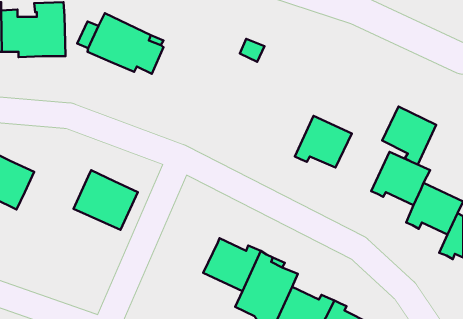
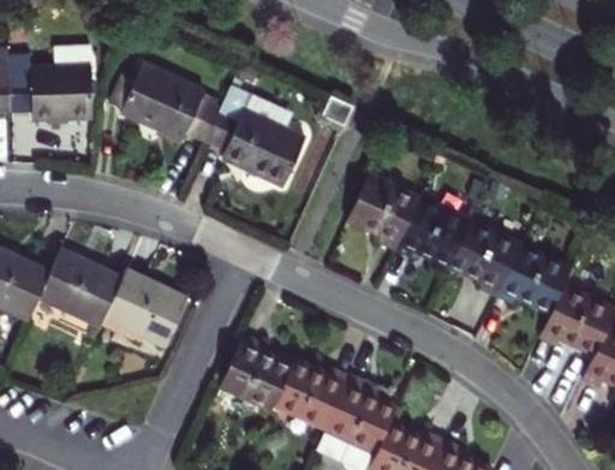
building: none -> [207,107,306,186]
building: none -> [346,173,418,250]
building: [382,107,436,164] -> [447,220,518,296]
building: none -> [41,249,124,326]
building: none -> [221,333,293,409]

